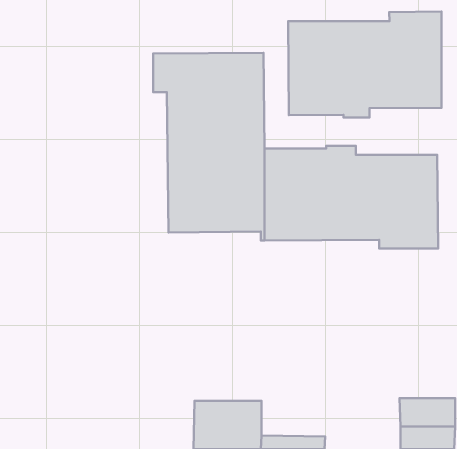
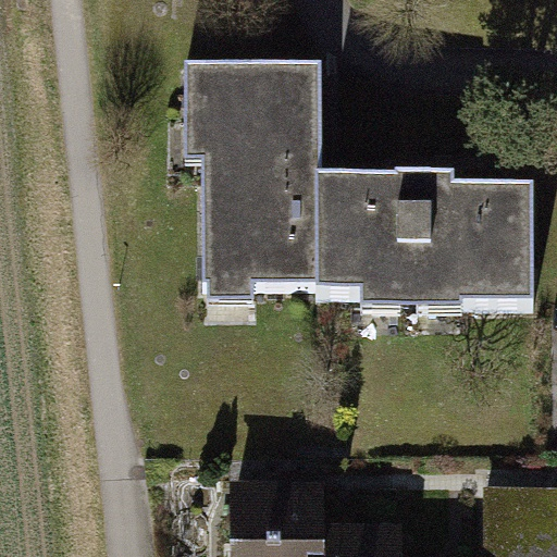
building: [288,12,441,118] -> none

